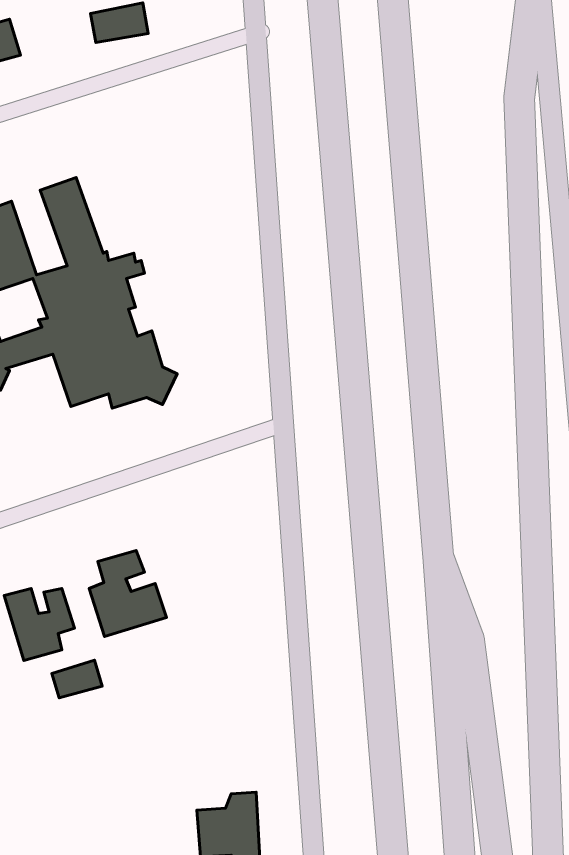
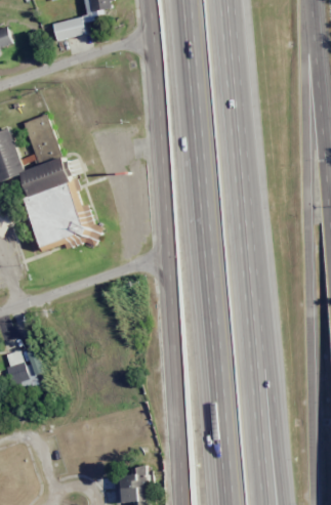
building: [89,550,166,636] -> none
building: [52,660,102,698] -> none

